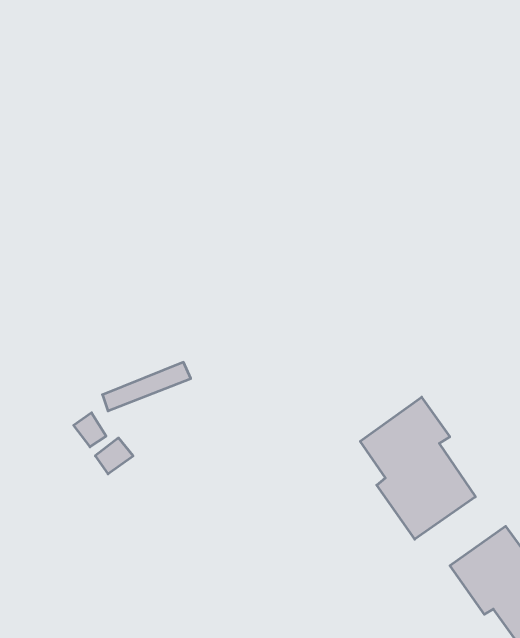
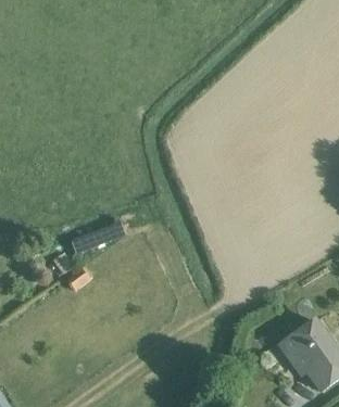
building: [360,397,475,539] -> none

